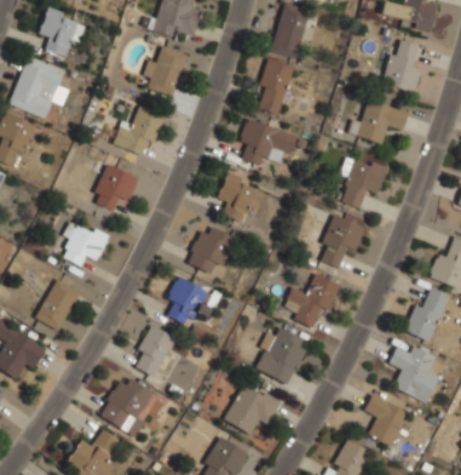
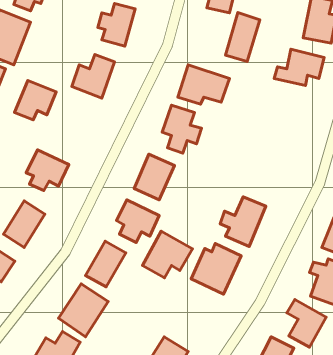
building: [254,57,294,114] -> [225,13,260,61]
building: [339,154,388,207] -> none
building: [91,164,139,210] -> [15,80,56,120]
building: [317,214,365,269] -> none
building: [224,380,282,435] -> [143,231,192,278]

